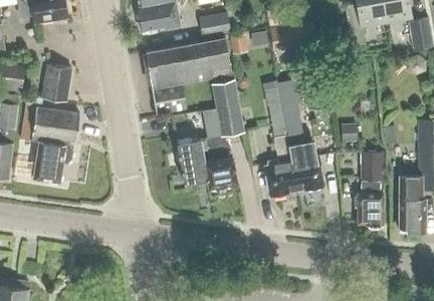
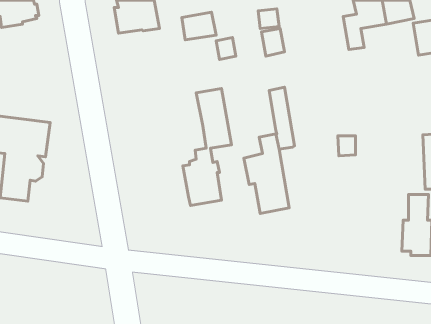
building: [145,38,231,114] -> none
building: [42,65,70,101] -> none
building: [177,114,221,183] -> none
building: [287,133,323,189] -> none
building: [355,152,383,229] -> none

